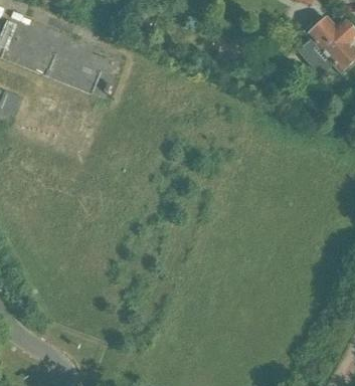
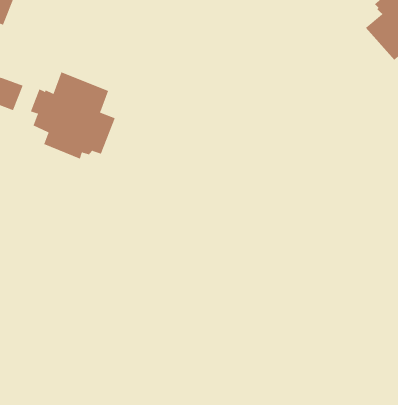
building: none -> [30,72,115,160]

